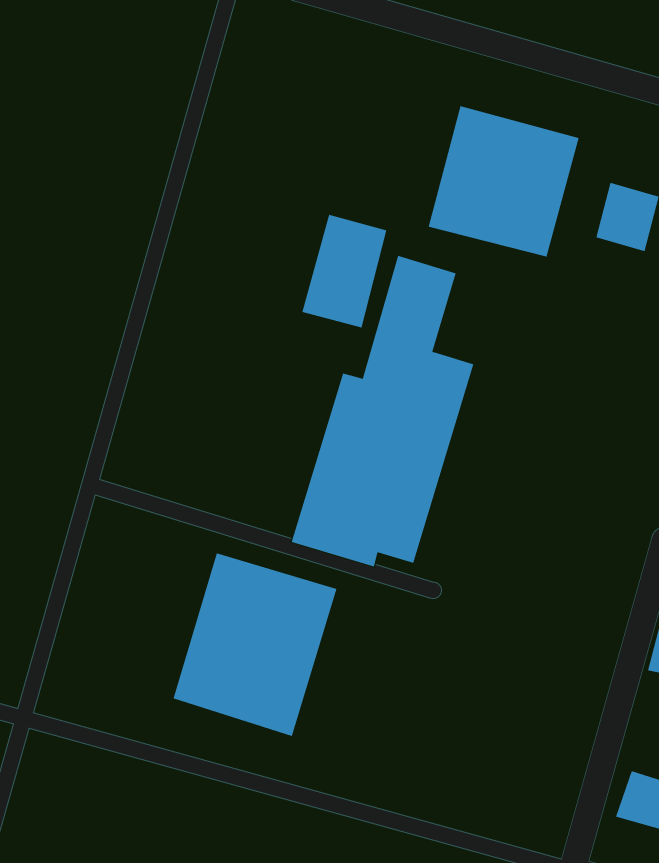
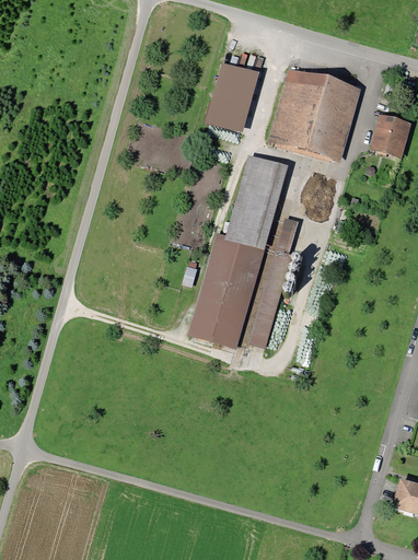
building: [302,214,387,328] -> [207,61,259,131]
building: [173,553,337,737] -> none

